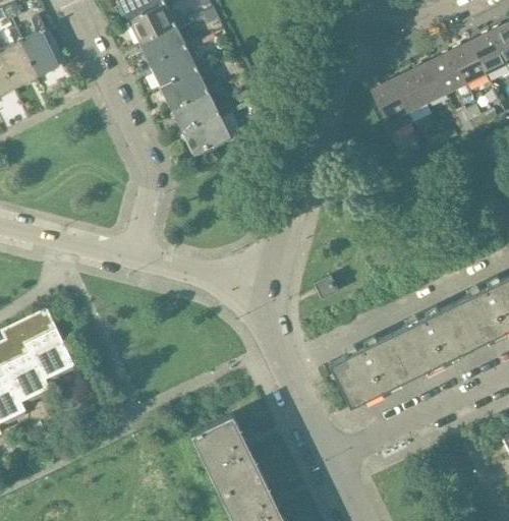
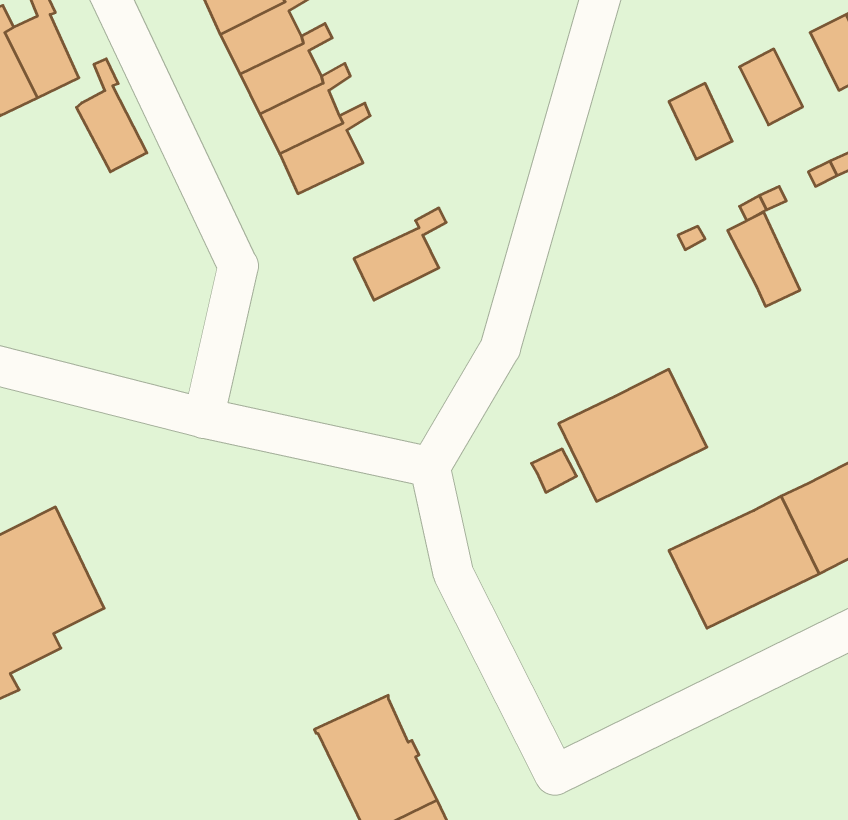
building: [450,43,487,84] -> none
building: none -> [76,59,147,172]
building: [411,62,447,104] -> none
building: [371,81,411,134] -> [728,212,800,306]
building: [182,105,234,157] -> [354,208,446,300]
building: [329,334,412,408] -> [559,369,707,501]

